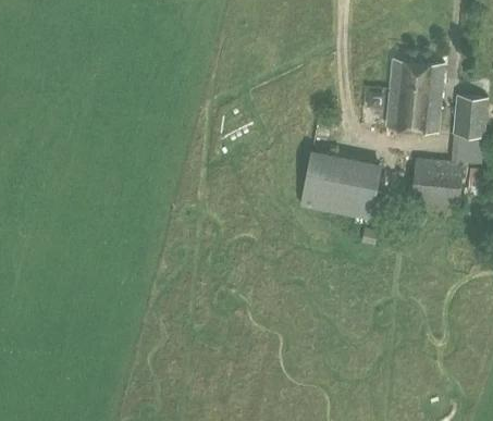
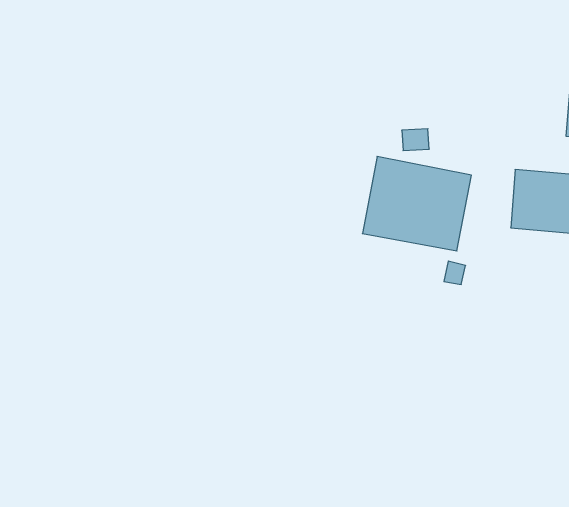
building: [386,60,444,133] -> none

